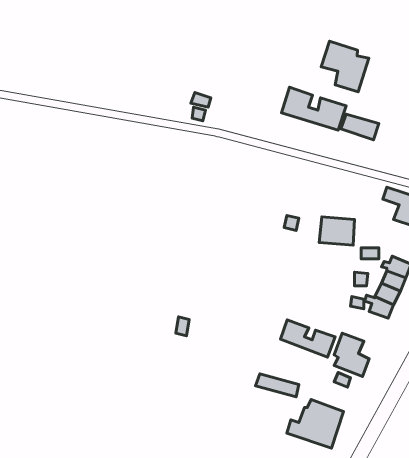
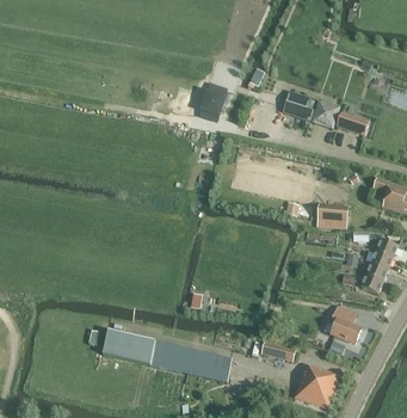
building: [321,41,369,92] -> none
building: [280,320,335,357] -> none
building: none -> [103,331,234,379]

